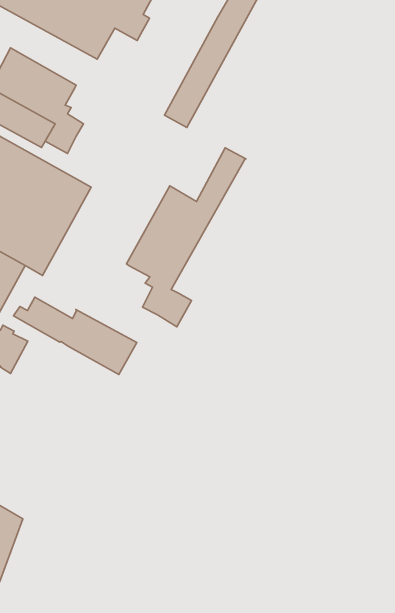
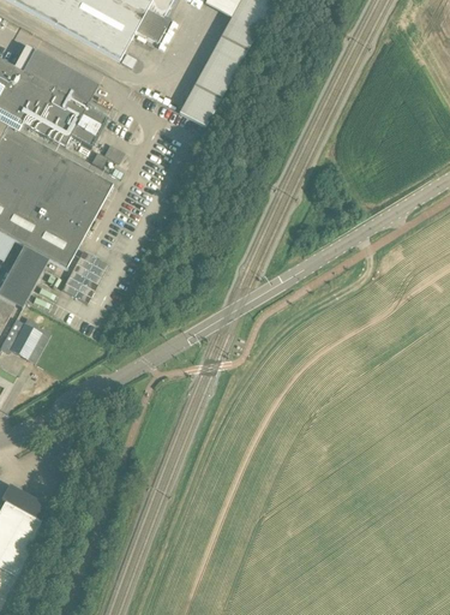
building: [127,148,246,327] -> none
building: [13,297,137,375] -> none

